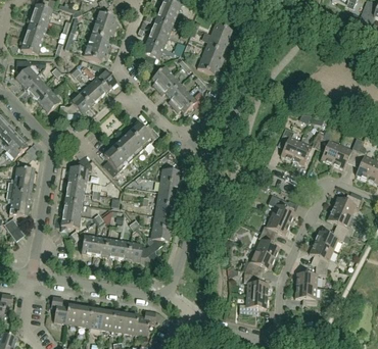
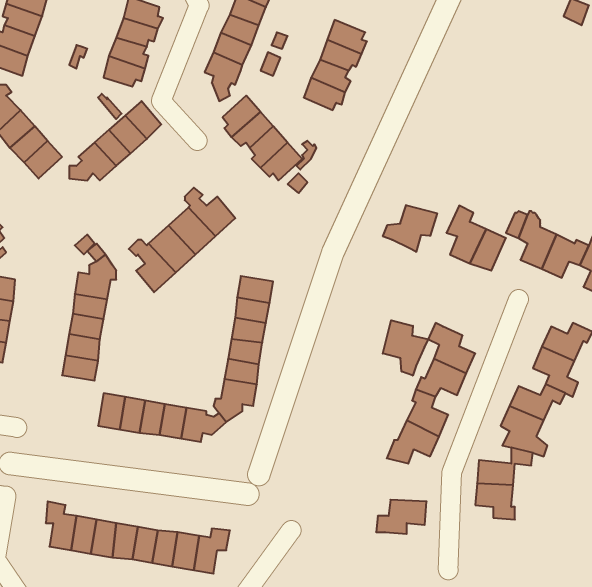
building: none -> [383,205,437,252]
building: none -> [383,320,428,376]
building: [244,270,269,295] -> none

